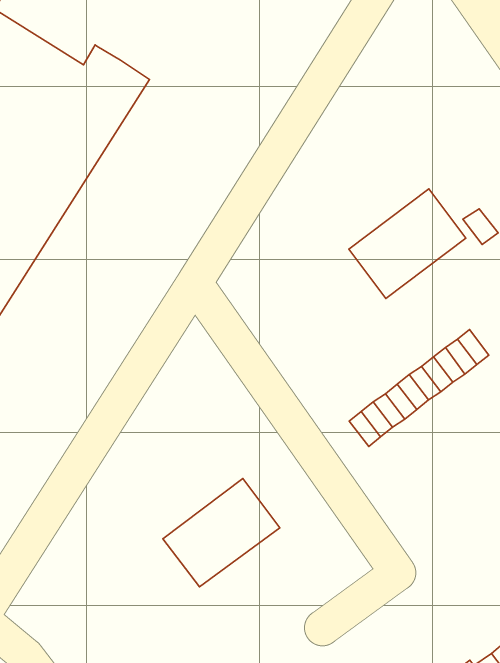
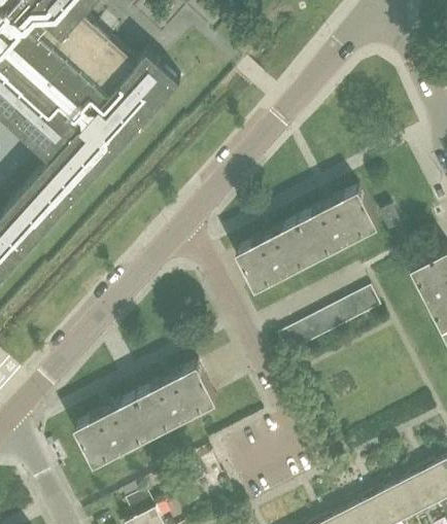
building: none -> [234,221,314,290]
building: none -> [73,397,153,466]

